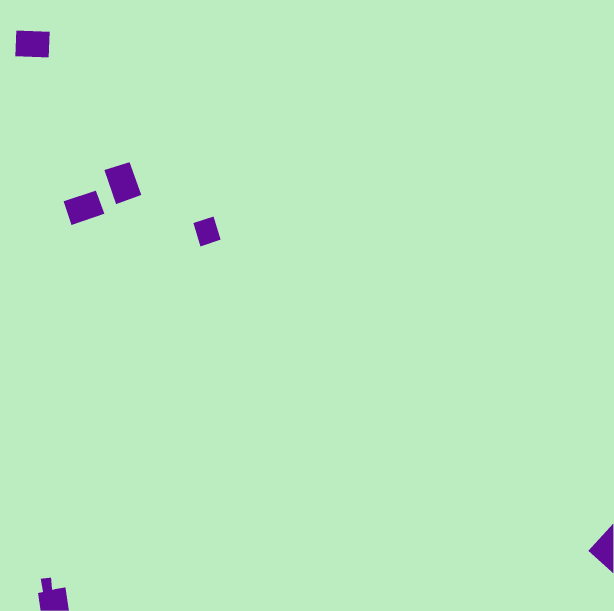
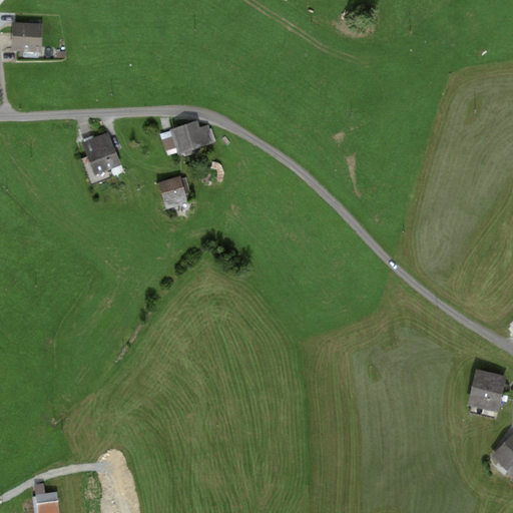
building: none -> [173,121,211,150]
building: [63,190,105,226] -> none
building: none -> [468,371,506,412]

